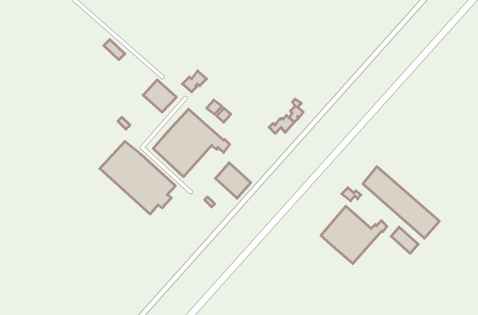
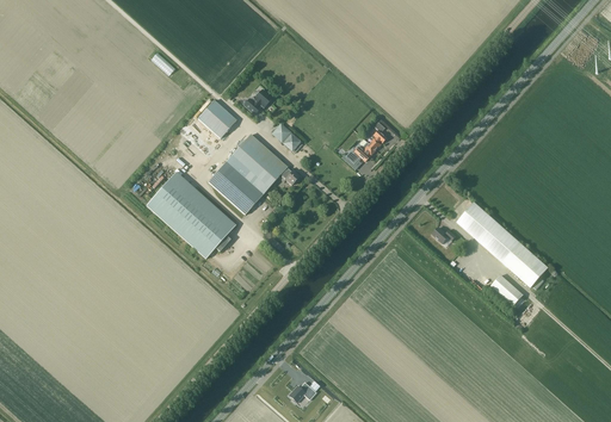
building: [215,163,251,198] -> none
building: [321,206,387,264] -> none

